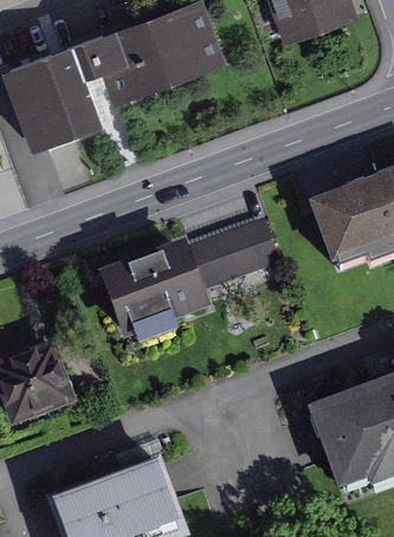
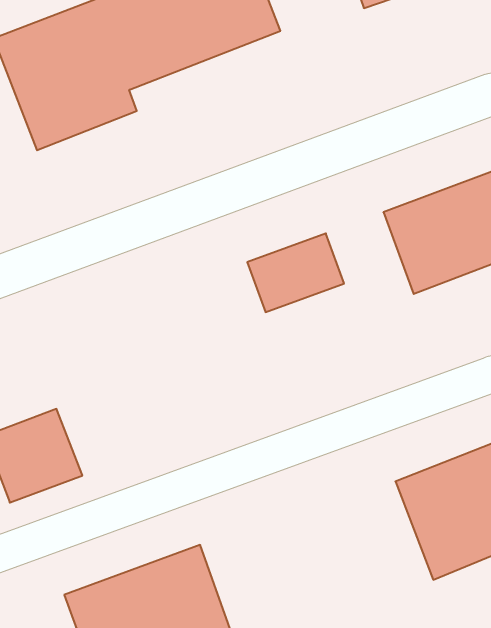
building: [108,238,222,335] -> none

